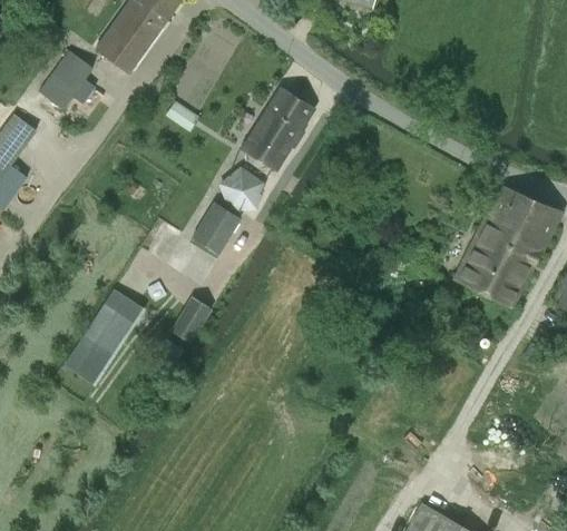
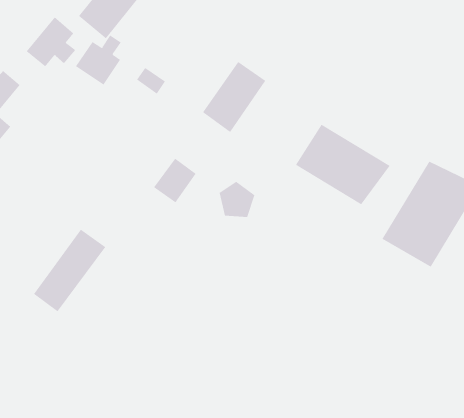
building: none -> [75,34,122,86]
building: none -> [295,124,391,205]
building: [222,169,263,209] -> [219,181,255,217]
building: [170,295,211,341] -> none

